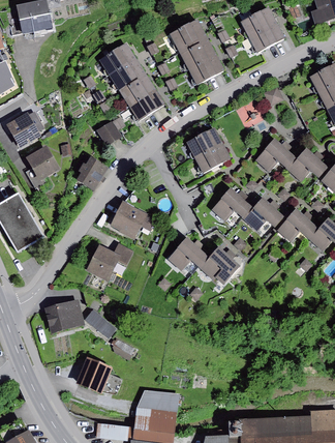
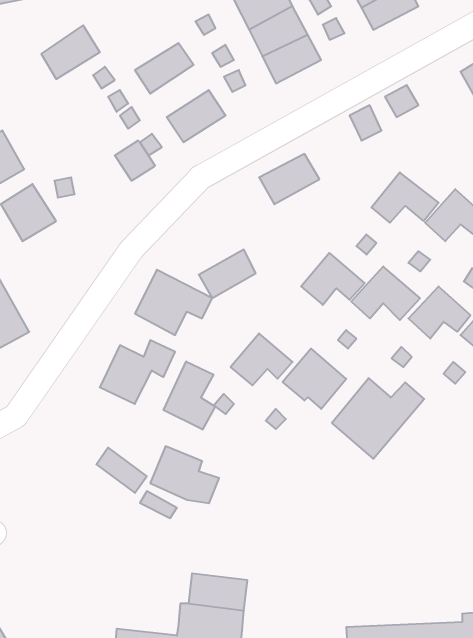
building: [100,43,136,77] -> [41,25,100,79]
building: [119,73,155,106] -> none
building: [195,144,231,174] -> [199,250,256,298]
building: [75,152,108,193] -> none
building: none -> [164,361,215,430]
building: none -> [332,378,424,459]
building: [47,300,83,330] -> none
building: [79,357,121,392] -> [150,446,219,503]

